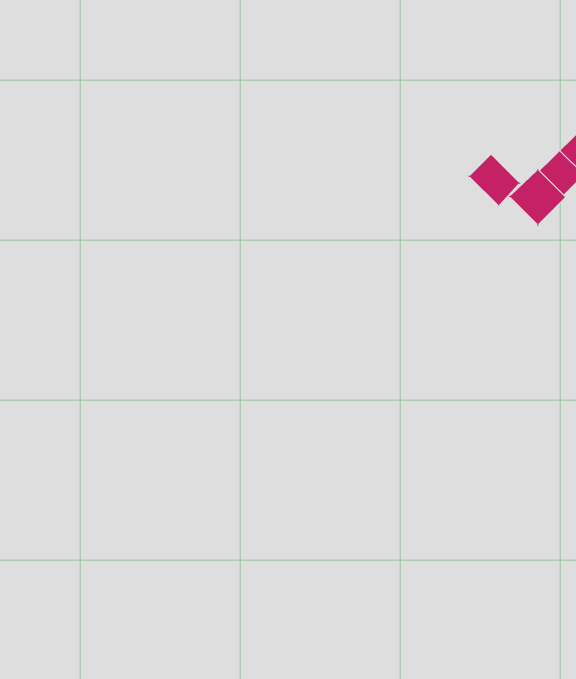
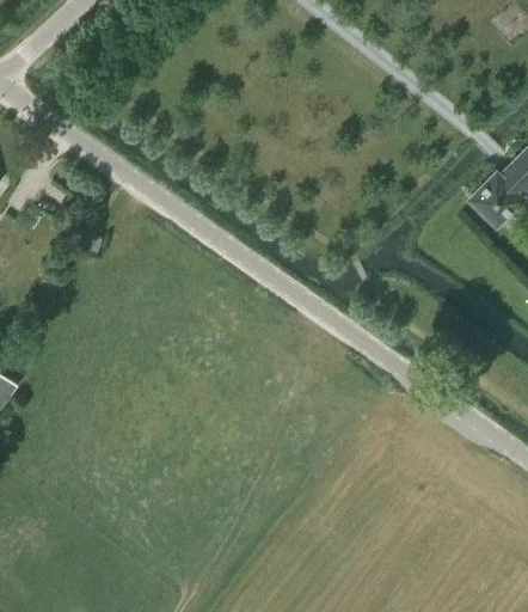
building: [467,153,521,207] -> none

